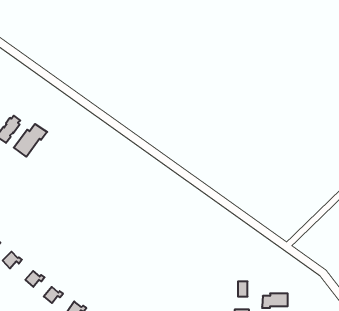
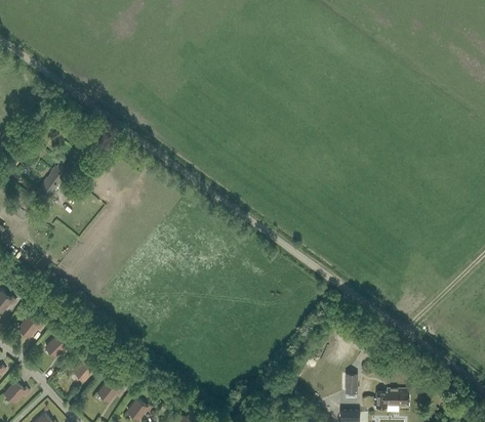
building: [14,124,47,157] -> none

